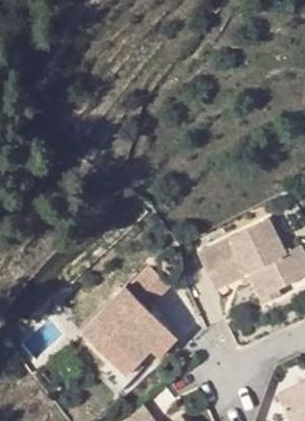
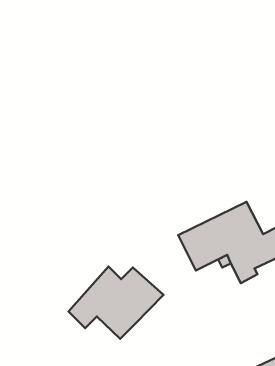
building: [99,340,158,382] -> none

